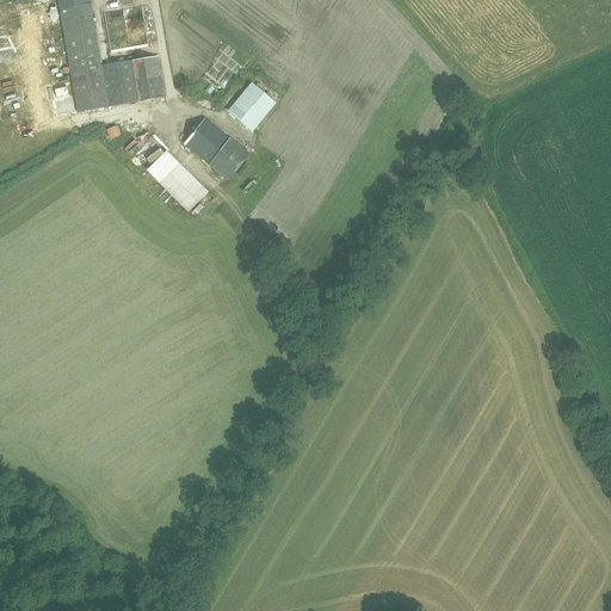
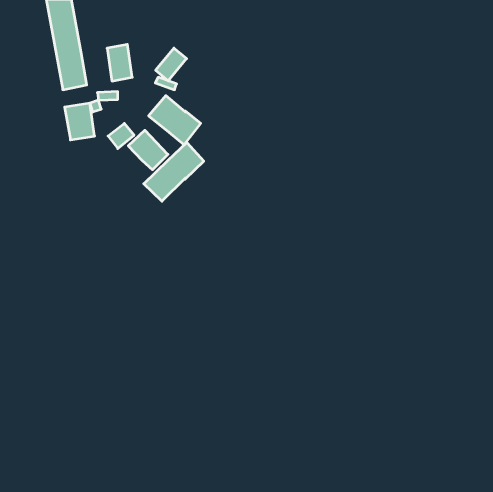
building: [100,60,137,105] -> [65,103,95,140]
building: [232,86,270,126] -> [156,48,187,81]
building: none -> [144,142,204,201]

